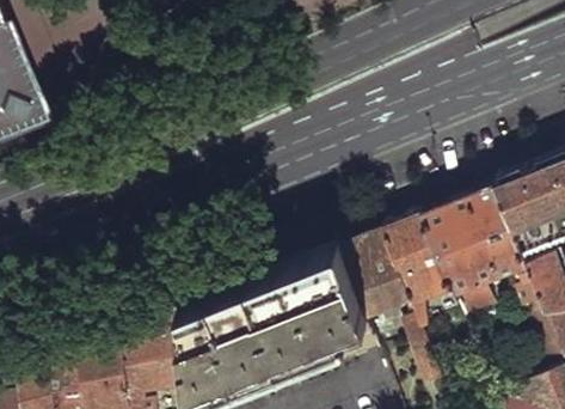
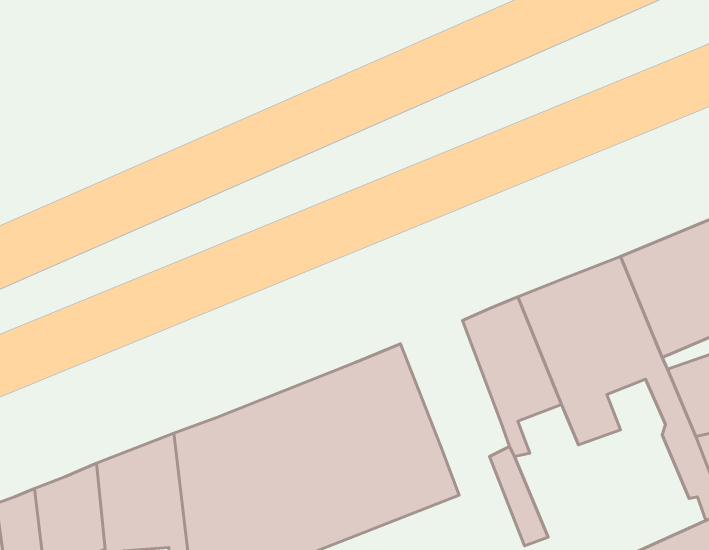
building: [342,232,413,322] -> none

